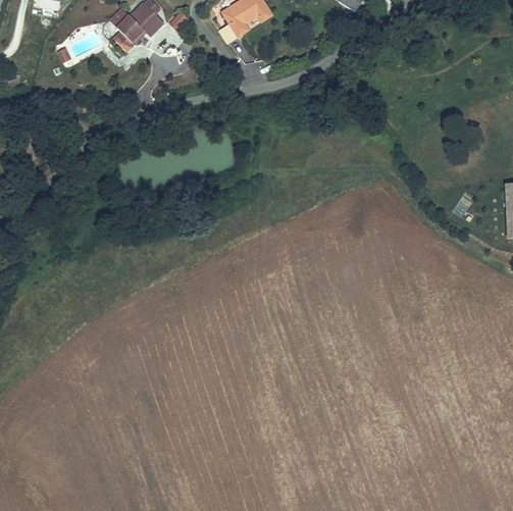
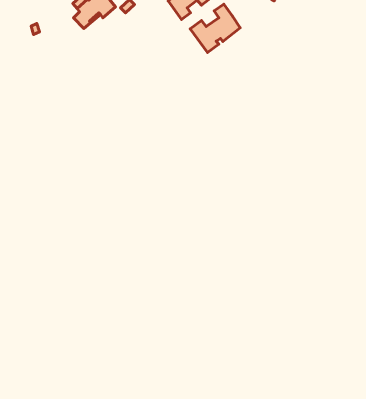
building: none -> [190,4,240,52]

